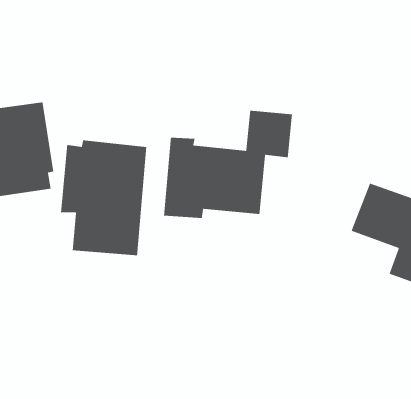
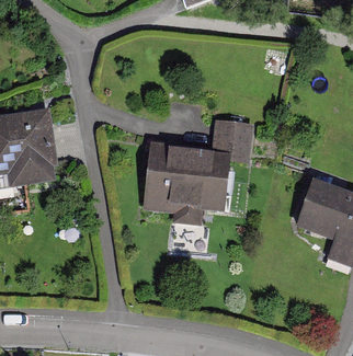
building: [60,139,147,256] -> none

